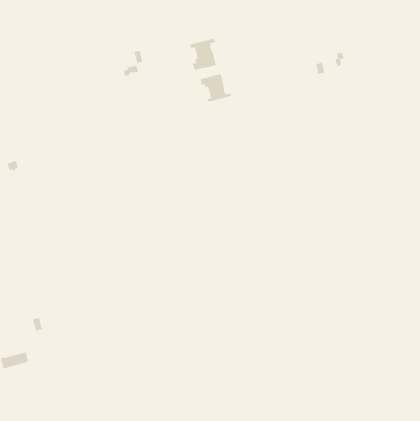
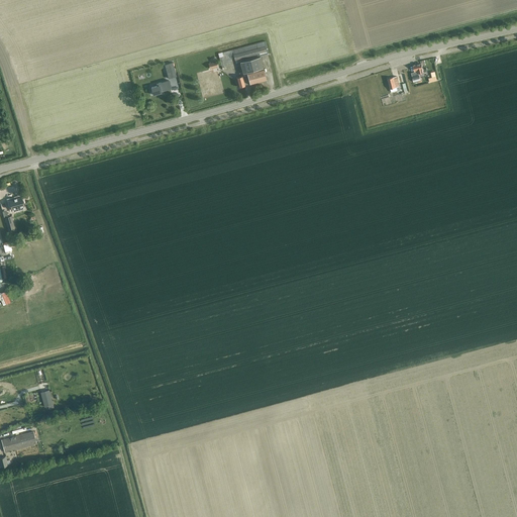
building: [200,73,232,103] -> none

